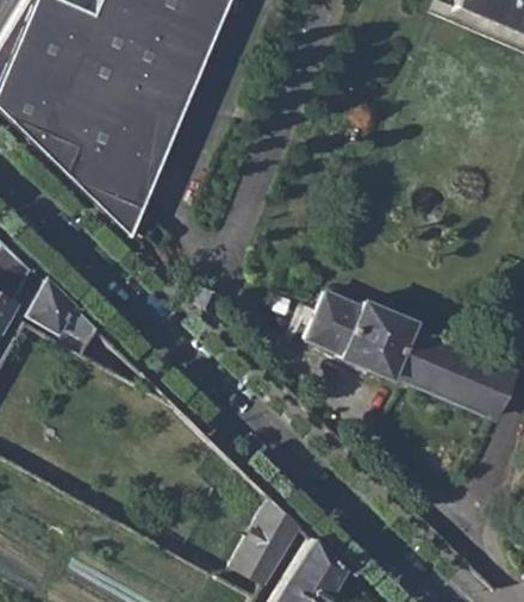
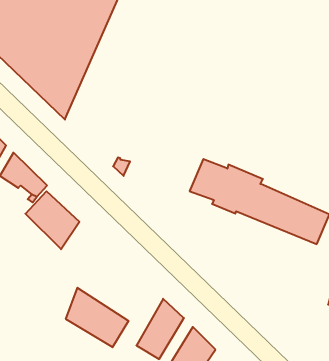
building: none -> [25,191,79,249]
building: none -> [66,288,128,347]

